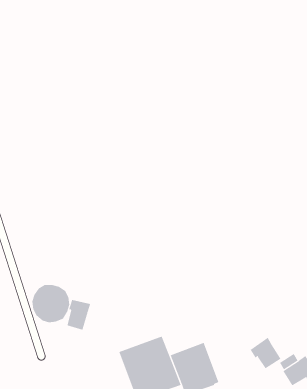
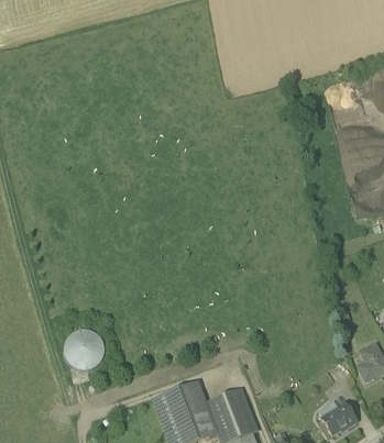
building: [67,299,91,330] -> none
building: [250,337,281,369] -> none

